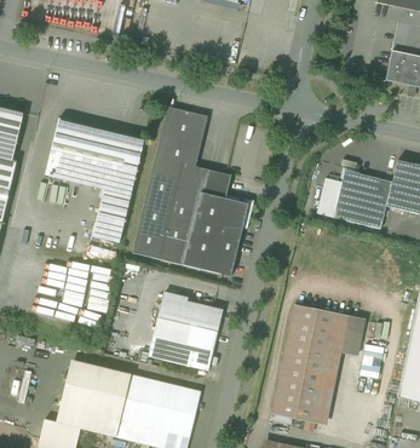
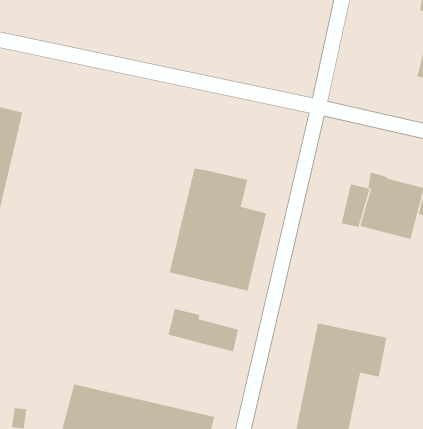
building: [132,105,207,258] -> none
building: [45,117,144,243] -> none
building: [149,315,218,369] -> none

